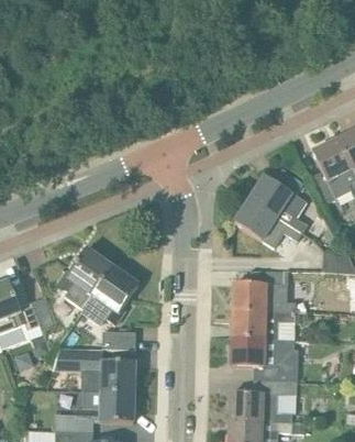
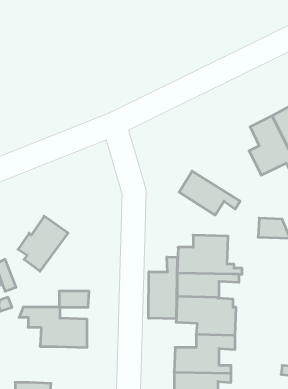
building: [248,168,320,240] -> none
building: [85,267,137,324] -> none
building: none -> [149,257,177,319]
building: [54,391,133,432] -> none

